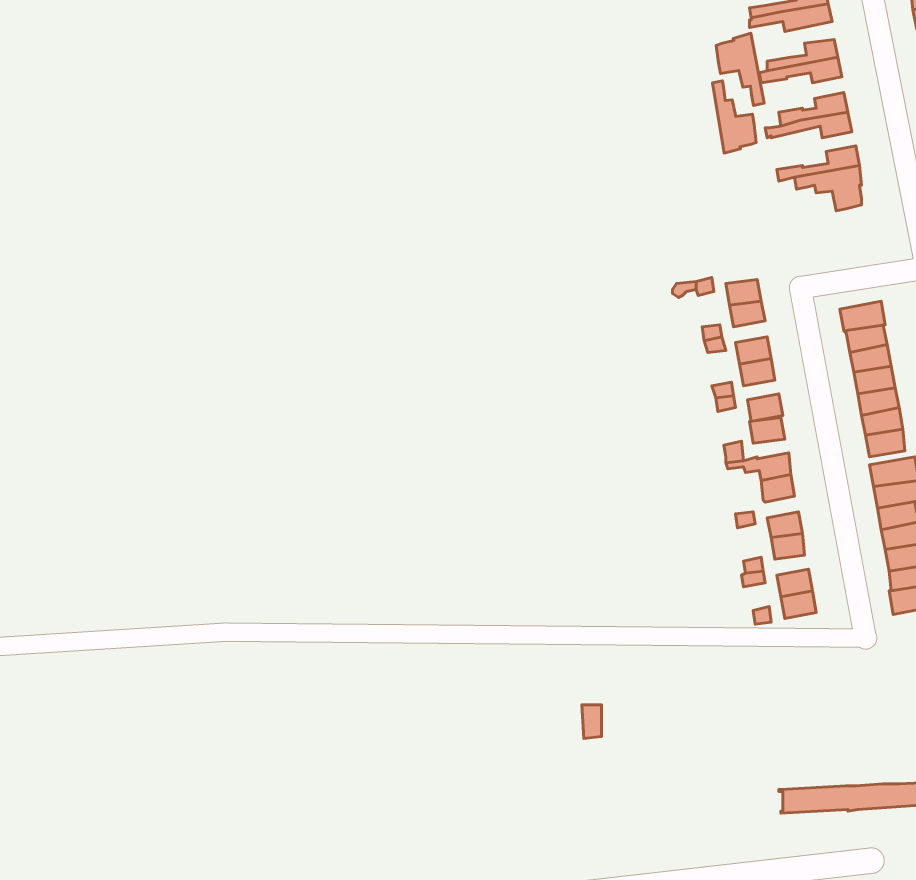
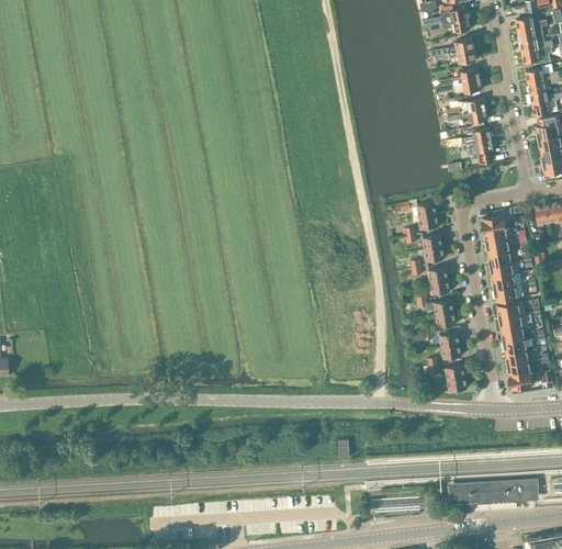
building: [716,33,764,105] -> none
building: [713,81,756,153] -> none

